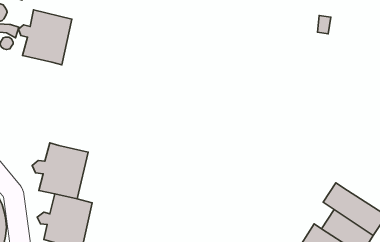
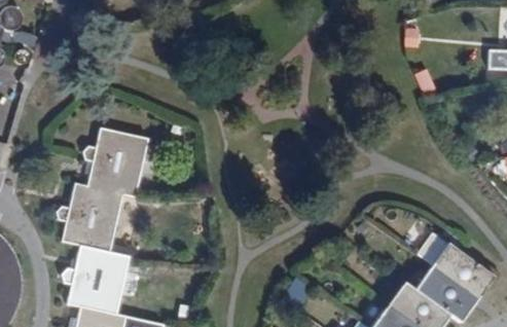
building: [18,10,72,65] -> [81,130,147,197]

